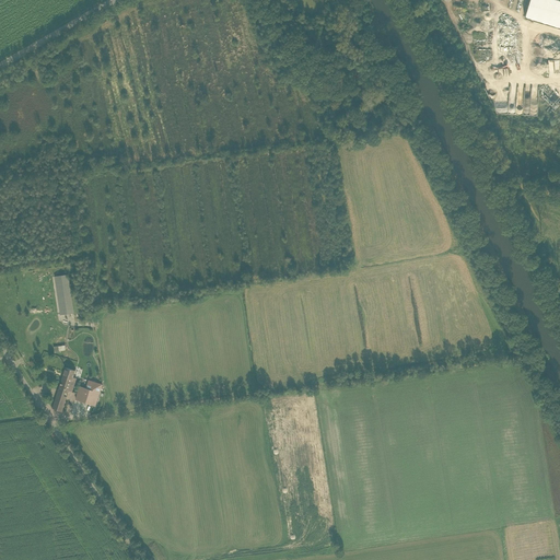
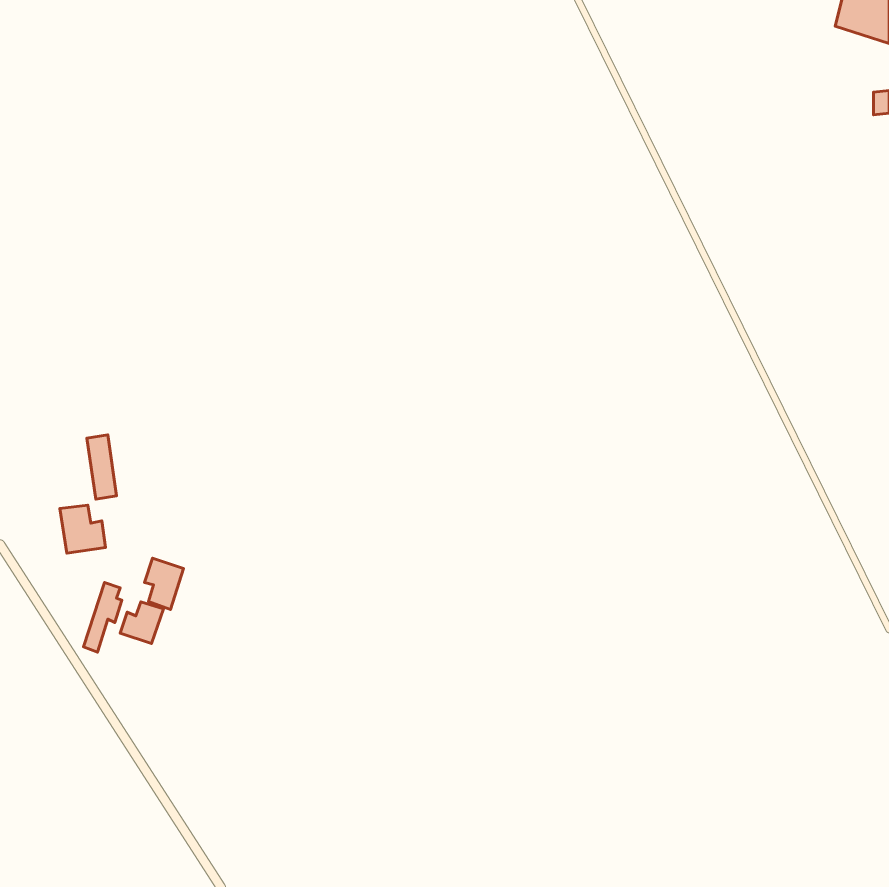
building: none -> [60,505,106,553]
building: none -> [144,558,184,610]

